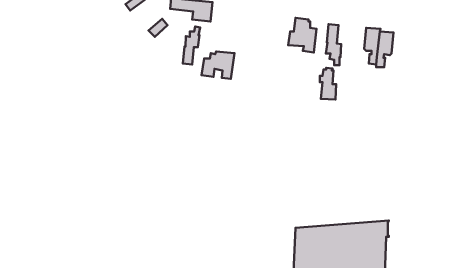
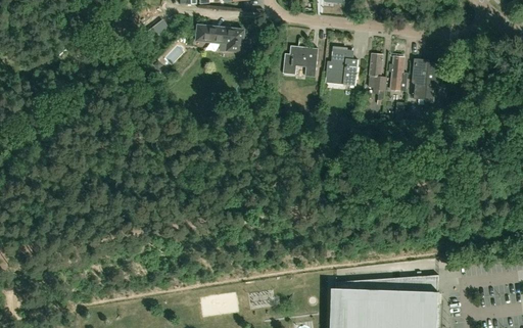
building: [183,27,200,64] -> none
building: [202,51,234,79] -> [281,46,318,77]
building: [320,68,336,100] -> [388,54,407,90]

